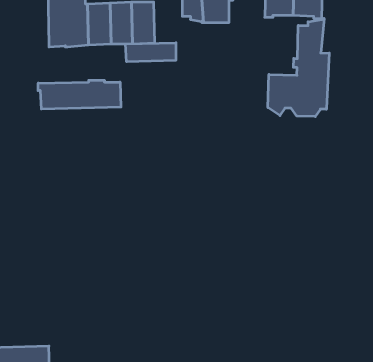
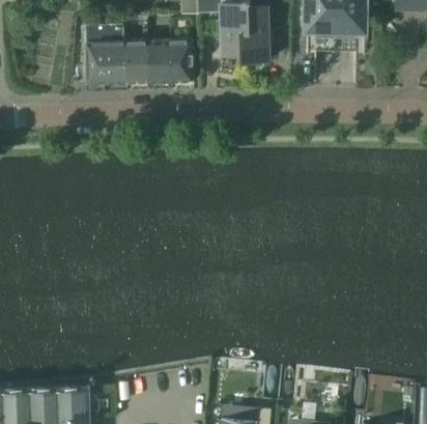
building: [268,18,329,117] -> none
building: [125,43,176,62] -> none
building: [38,80,121,109] -> none

